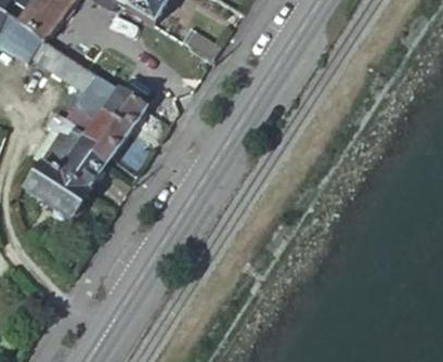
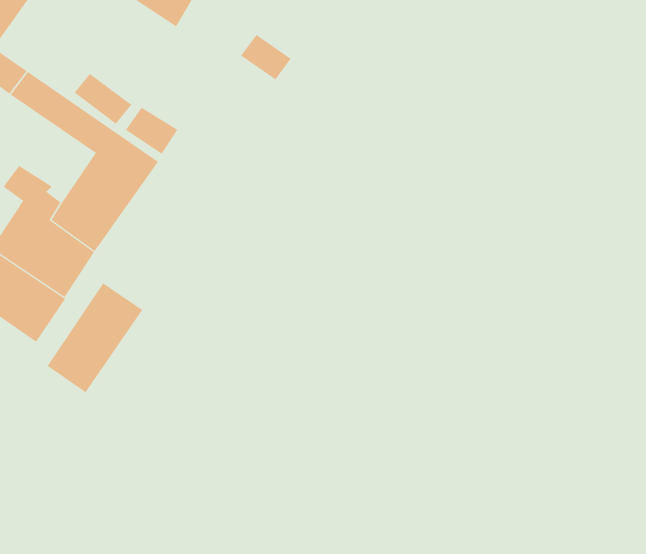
building: none -> [47,282,144,393]

